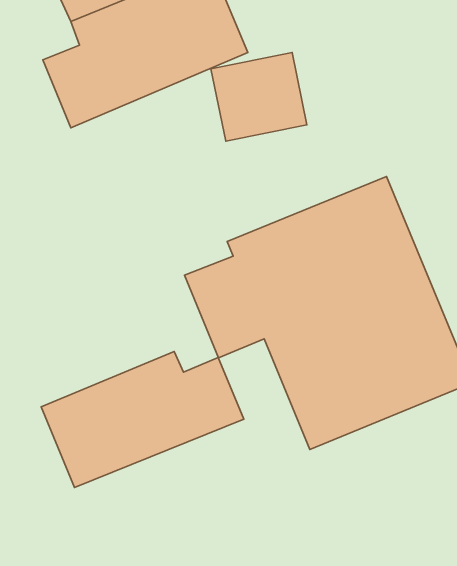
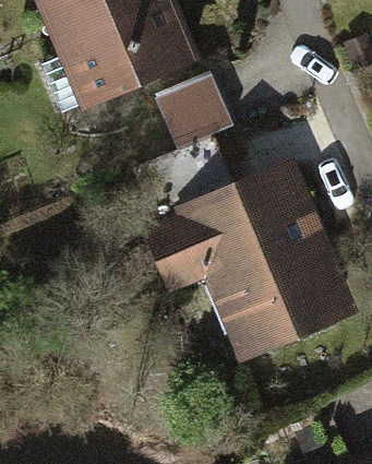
building: [41,351,244,487] -> none

